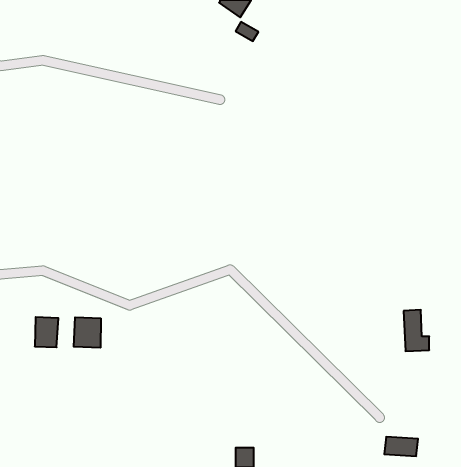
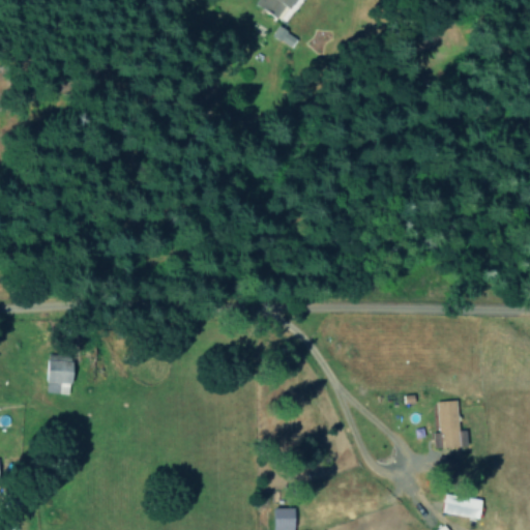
building: [404,310,429,351] -> [439,400,468,446]
building: [74,317,101,348] -> none

